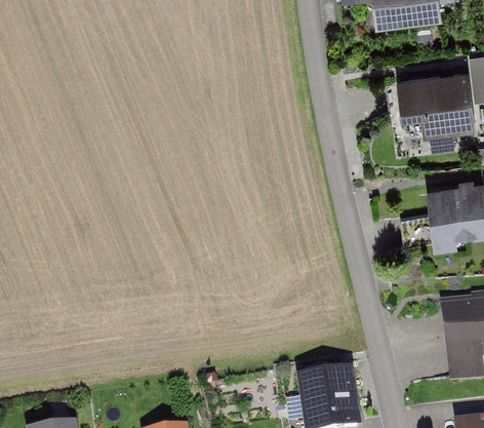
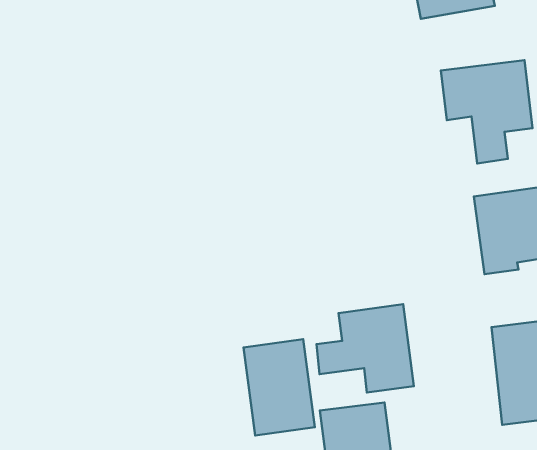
building: none -> [316,304,414,393]
building: none -> [243,339,315,435]

